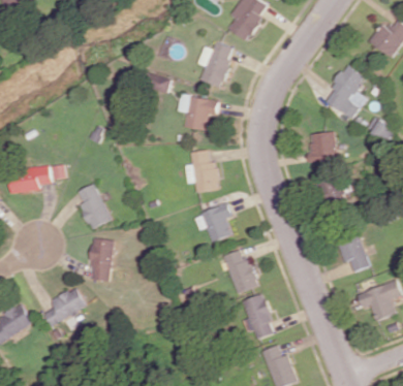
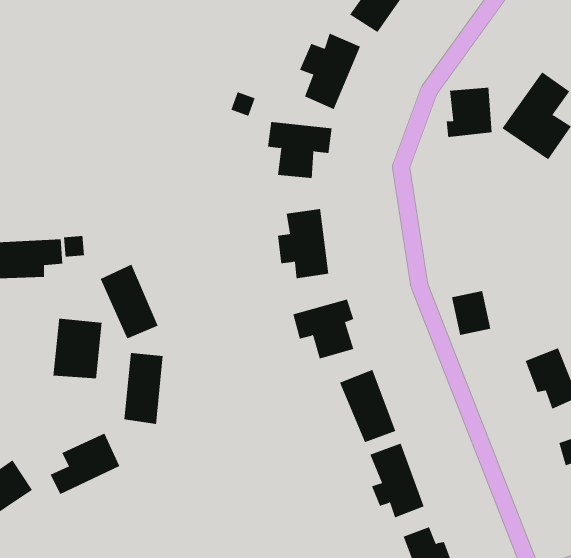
building: [307,131,336,162] -> [446,87,493,137]
building: [319,176,344,204] -> [451,290,491,336]
building: none -> [53,318,102,379]

